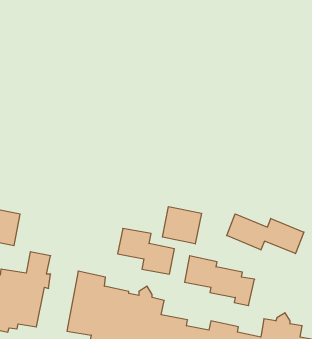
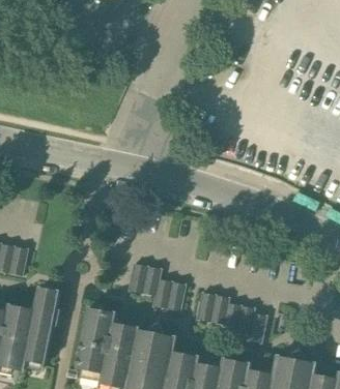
building: [162,207,201,244] -> none
building: [227,214,304,254] -> none

